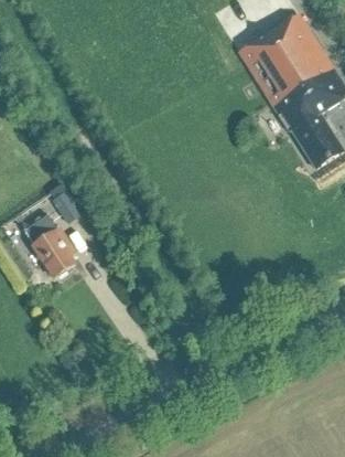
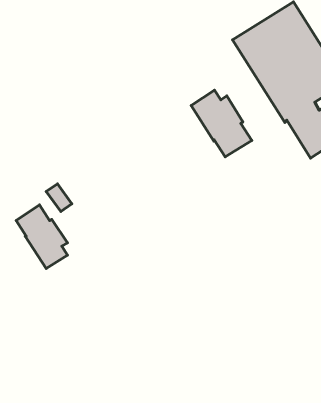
building: none -> [191,90,252,157]

